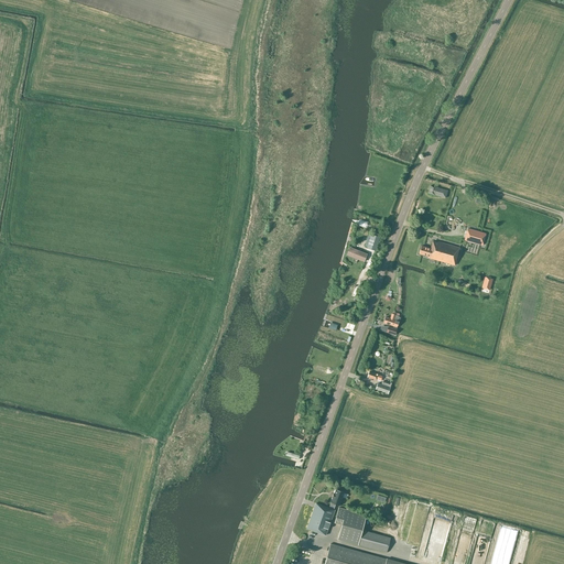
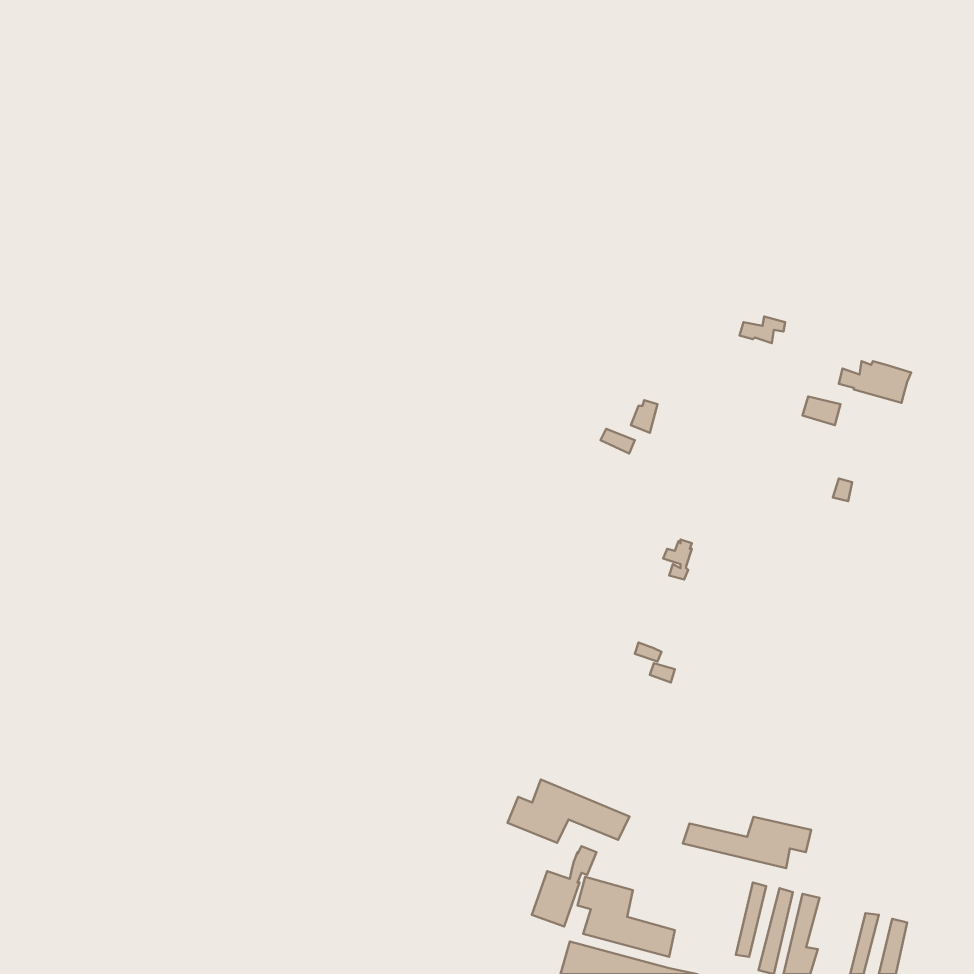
building: [419,241,460,265] -> [839,361,911,403]
building: none -> [508,779,630,843]
building: none -> [683,817,811,868]

